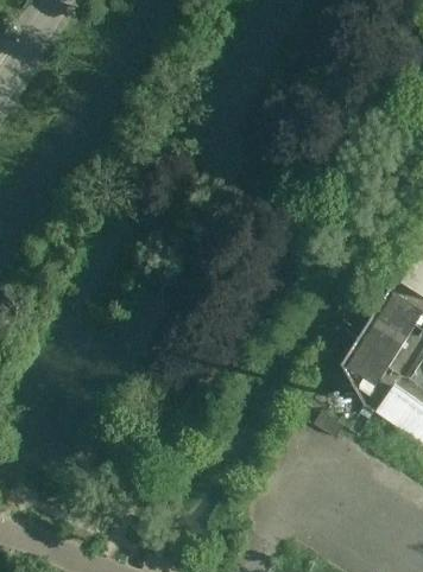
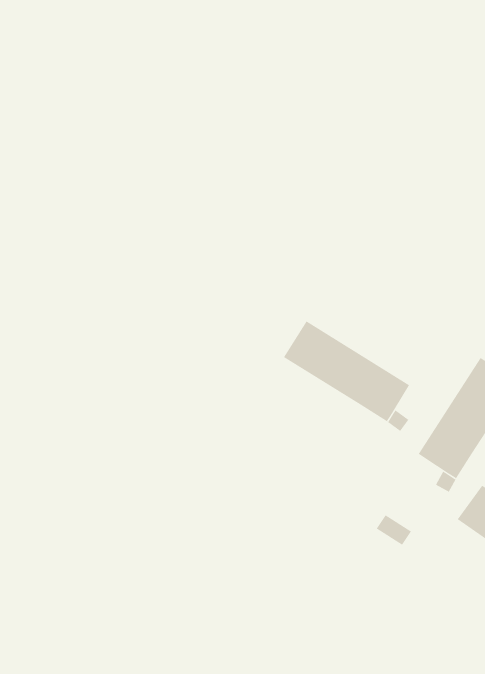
building: none -> [283,320,410,432]

